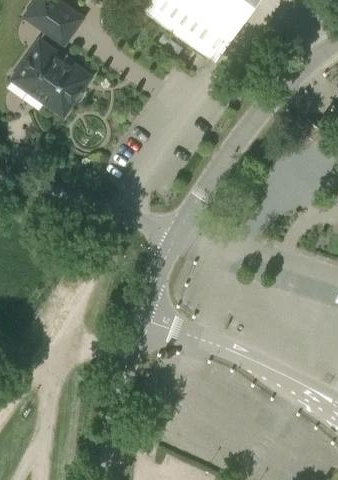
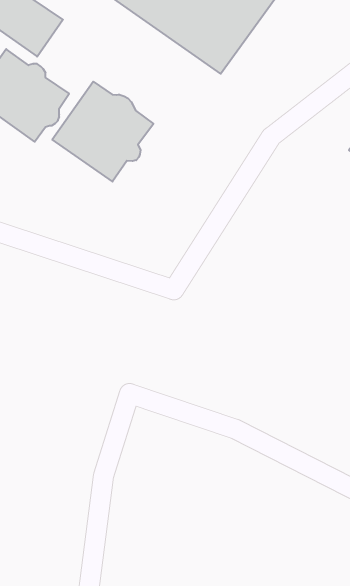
building: none -> [52,82,153,182]

